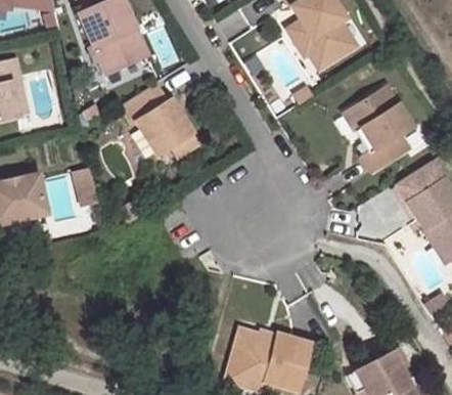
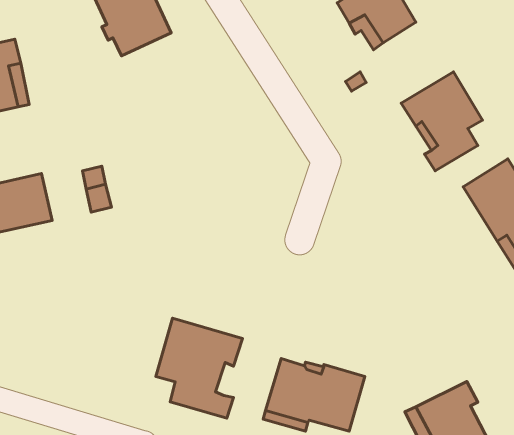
building: [121,83,198,157] -> none
building: none -> [156,318,242,418]

